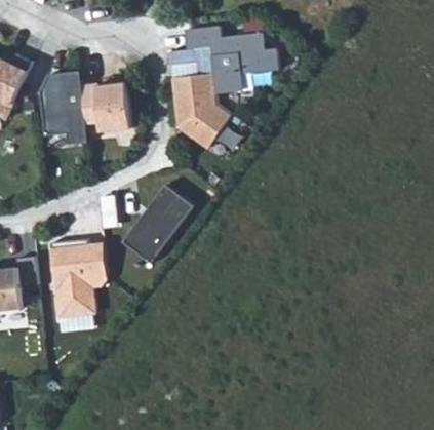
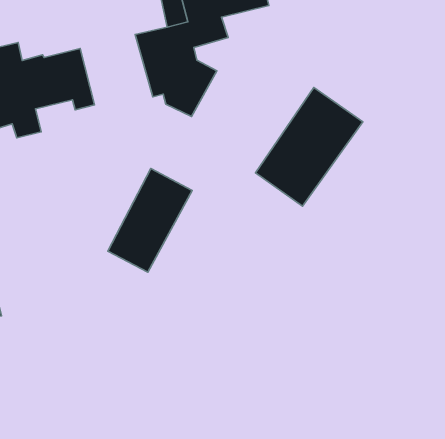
building: none -> [255,88,363,206]
building: [48,235,106,314] -> none

